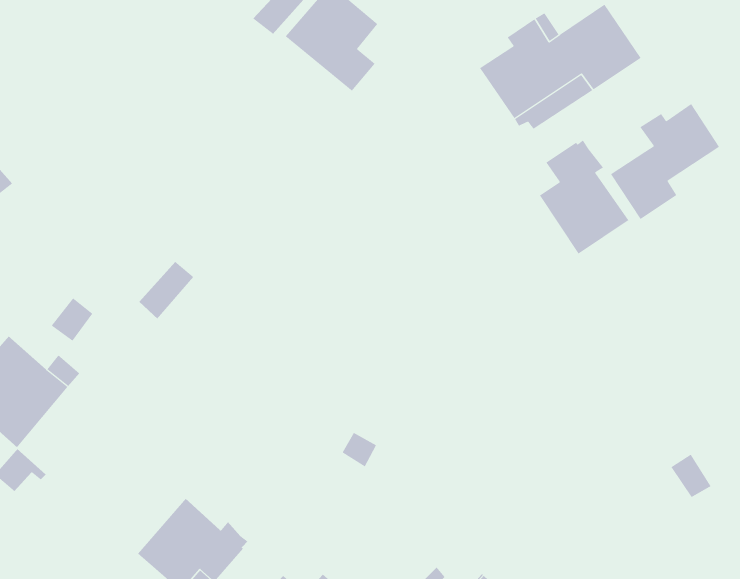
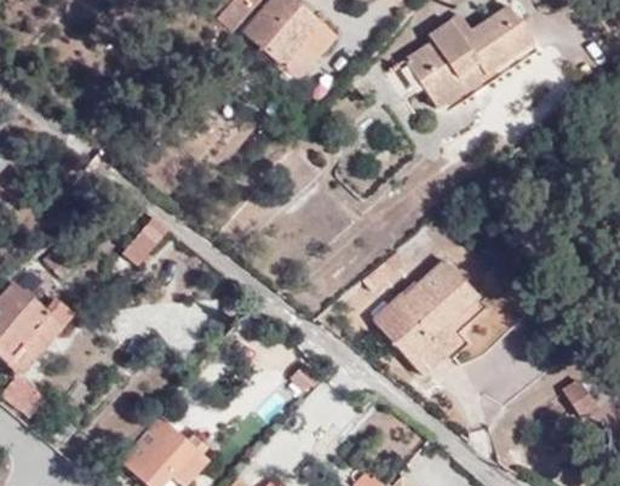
building: [610,103,720,220] -> none
building: [539,139,629,254] -> none
building: none -> [373,263,484,376]

